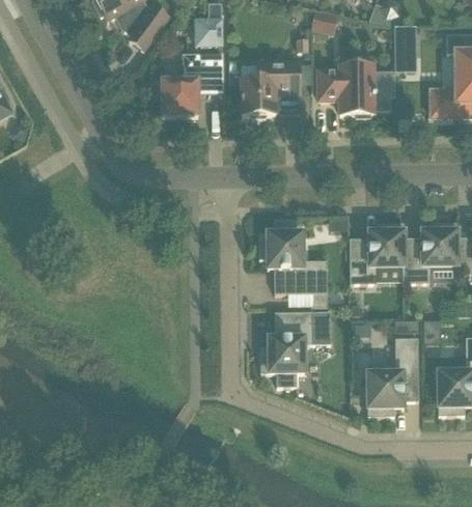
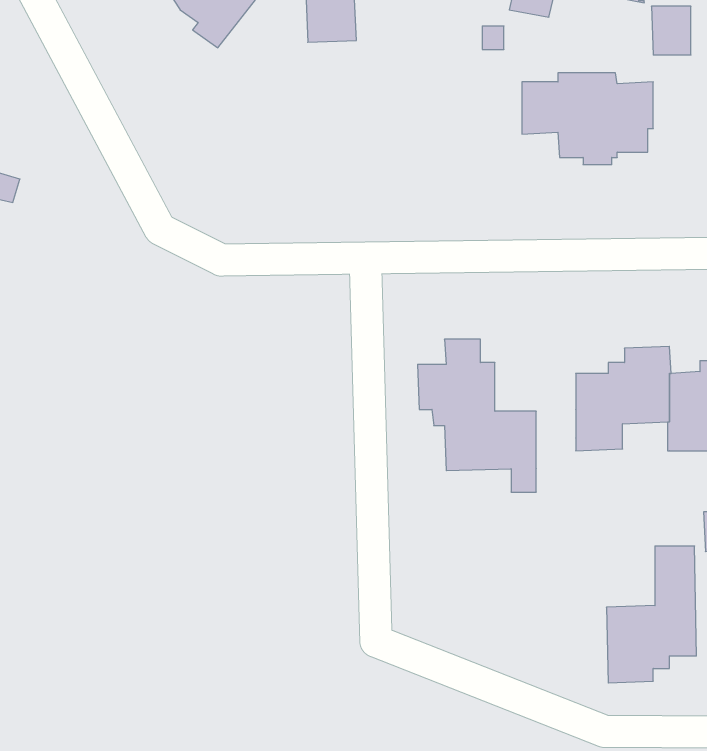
building: [162,53,223,115] -> none
building: [242,63,300,118] -> none
building: [260,310,331,386] -> none

